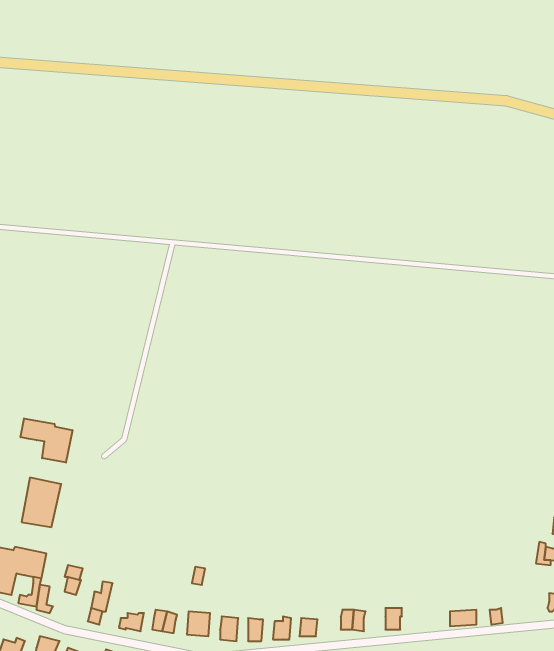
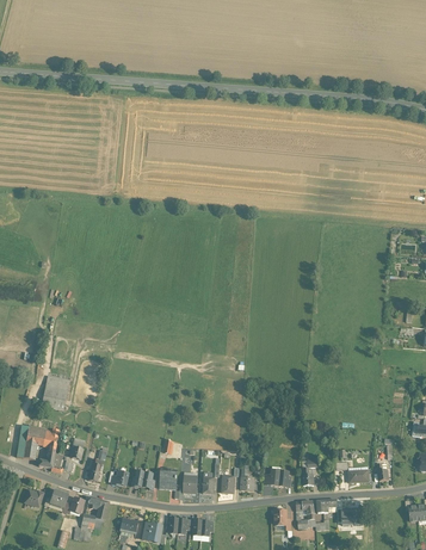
building: [21,418,72,463] -> none

